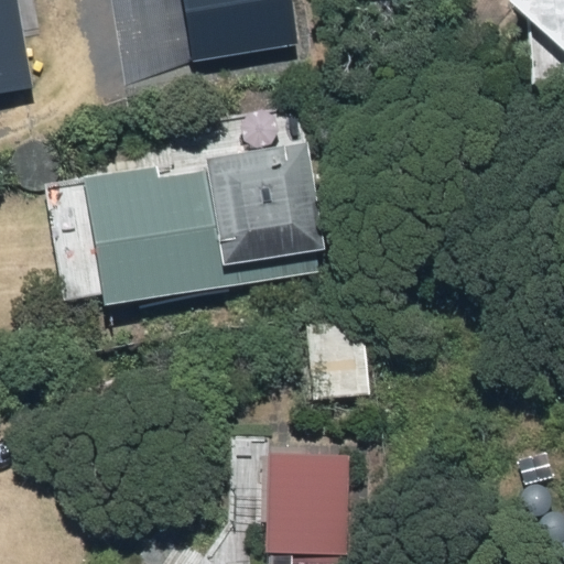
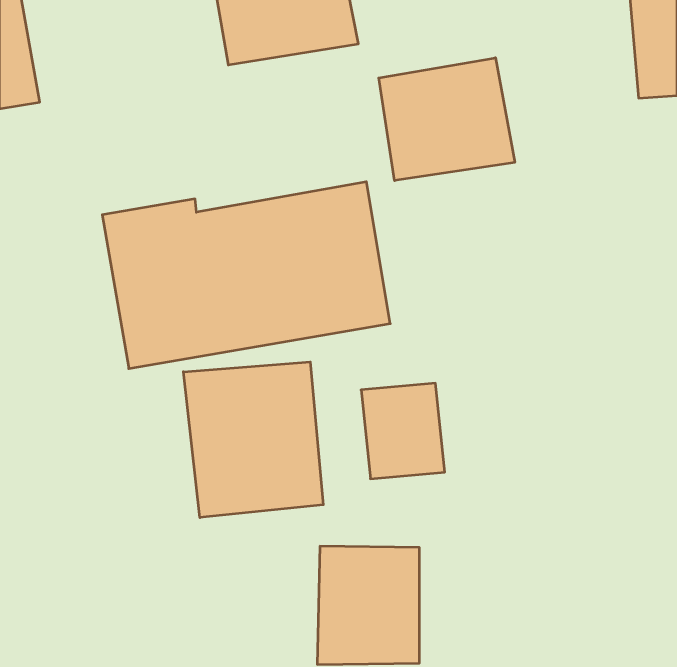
building: none -> [379,58,515,181]
building: none -> [183,362,323,518]

